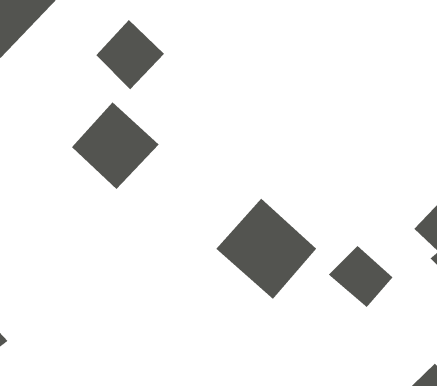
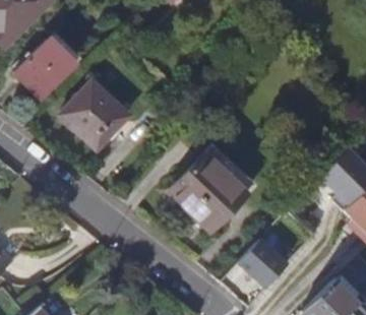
building: [95,19,165,90] -> [15,45,68,99]
building: [328,245,393,308] -> [238,239,288,287]

